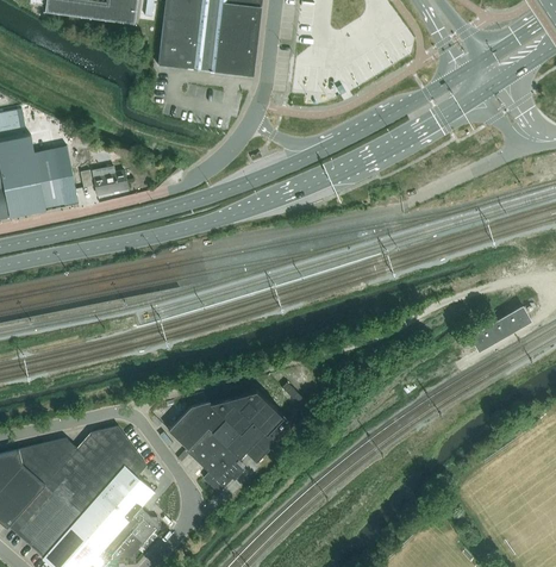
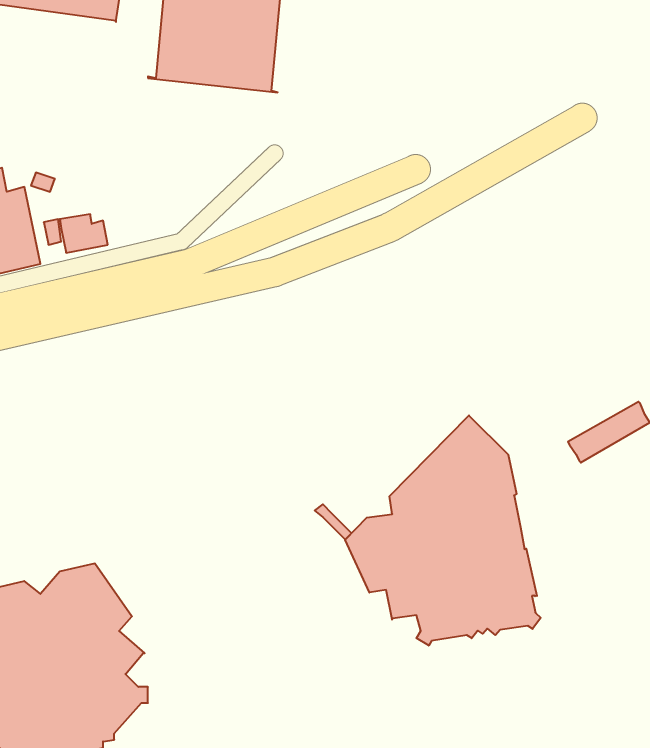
building: none -> [345,415,541,646]
building: [167,387,292,492] -> none

